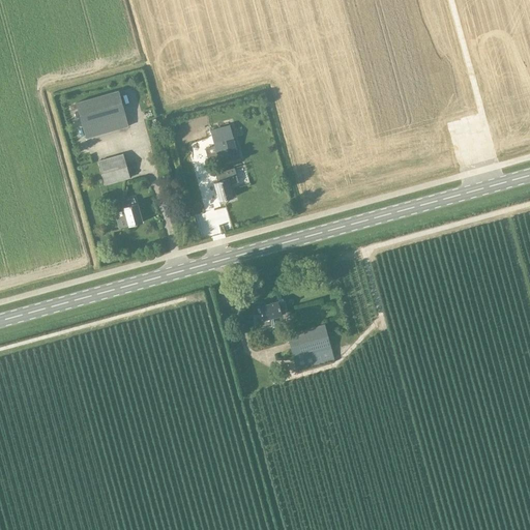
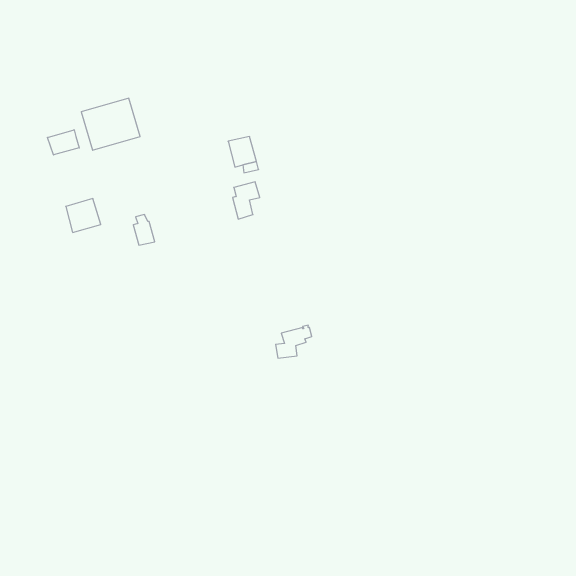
building: none -> [47,130,79,155]
building: [98,153,130,184] -> [66,199,101,232]
building: [288,324,334,370] -> none

